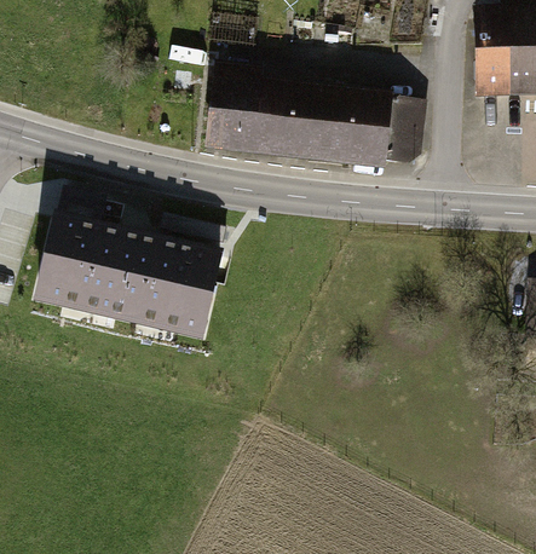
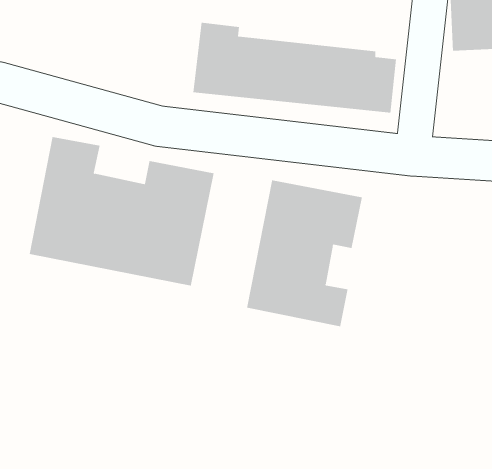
building: none -> [246,179,363,327]

